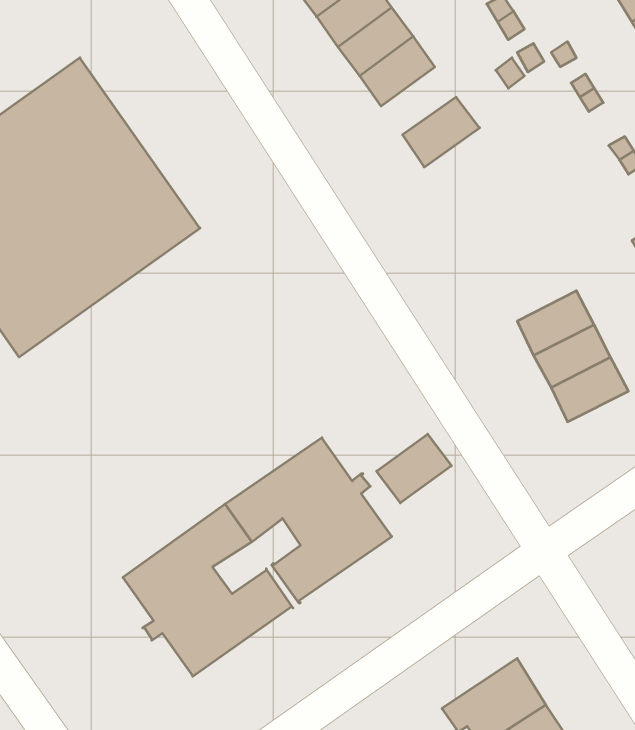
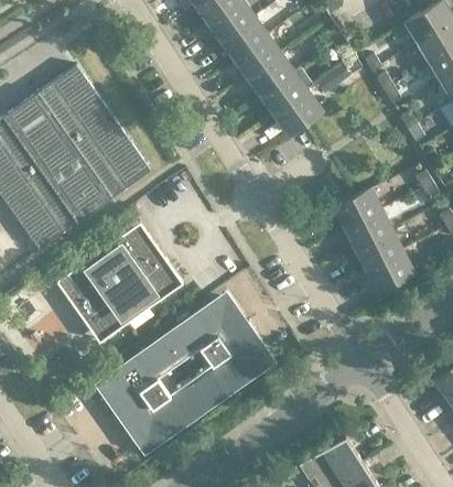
building: none -> [261,72,308,113]
building: none -> [334,188,381,228]
building: none -> [56,237,183,332]
building: [377,434,451,503] -> none

